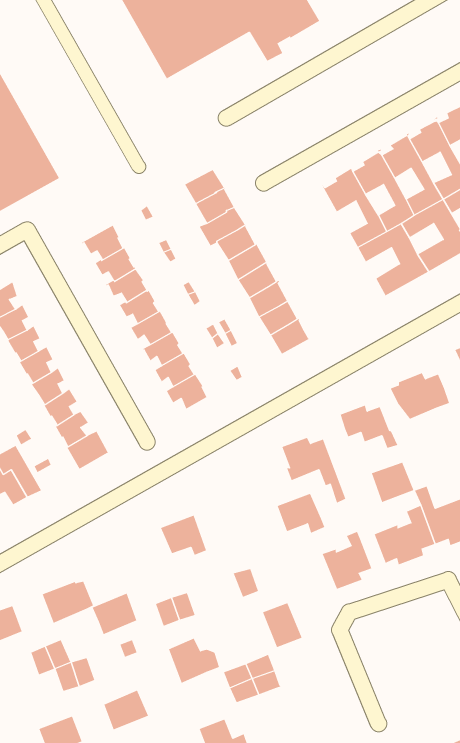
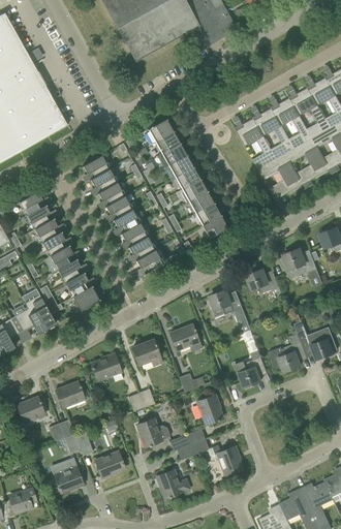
building: [371,462,414,503] -> none
building: [277,493,325,534] -> [169,324,200,350]
building: [92,593,137,635] -> [91,353,120,380]
building: none -> [211,444,242,474]

